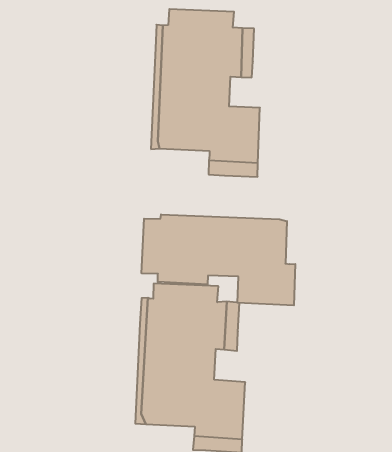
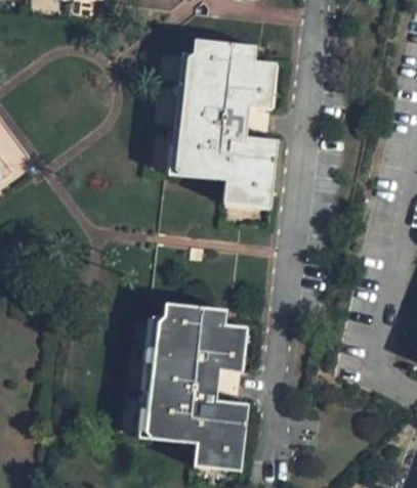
building: [142,214,295,305] -> none

